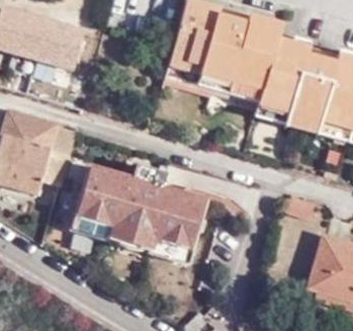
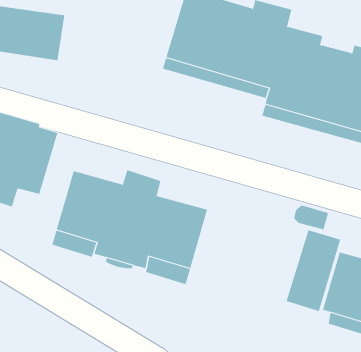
building: none -> [286,229,341,312]

